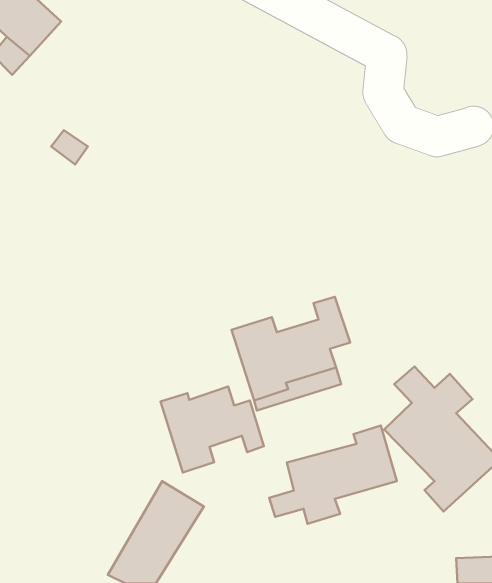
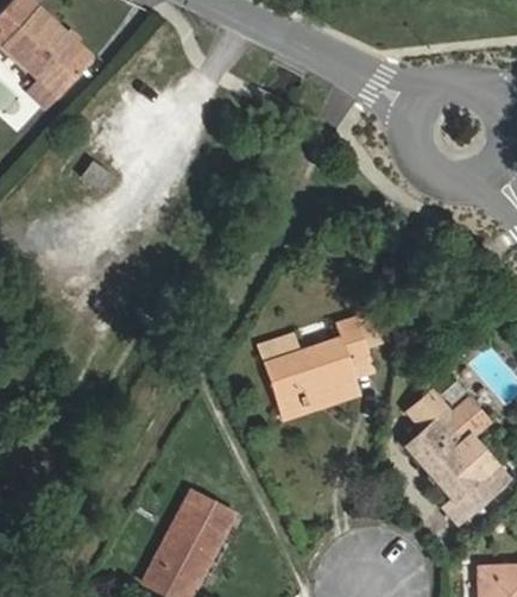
building: [160,386,264,472] -> none
building: [269,426,397,524] -> none

